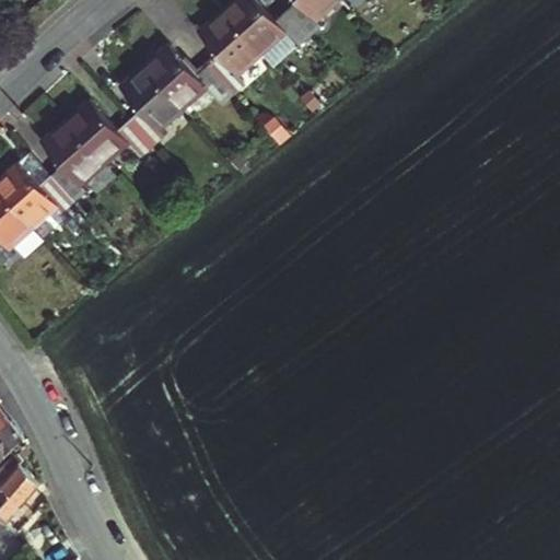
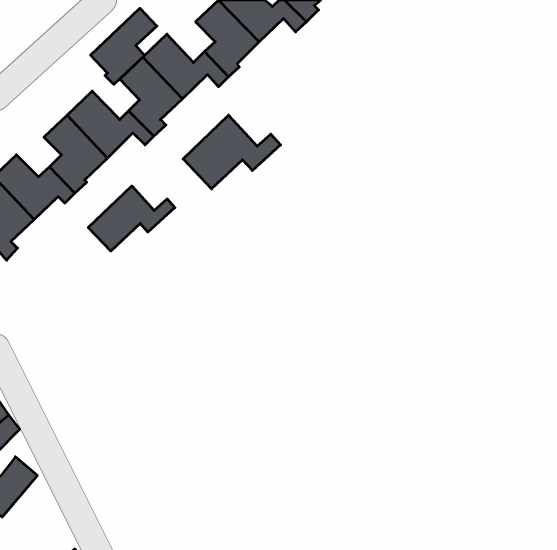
building: none -> [91,8,157,84]
building: none -> [183,115,281,189]
building: none -> [88,186,175,251]

